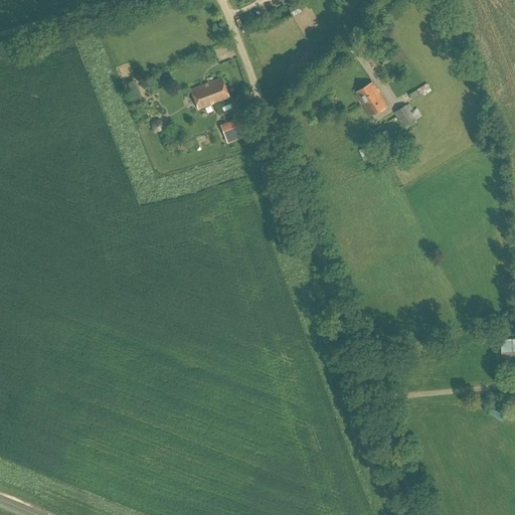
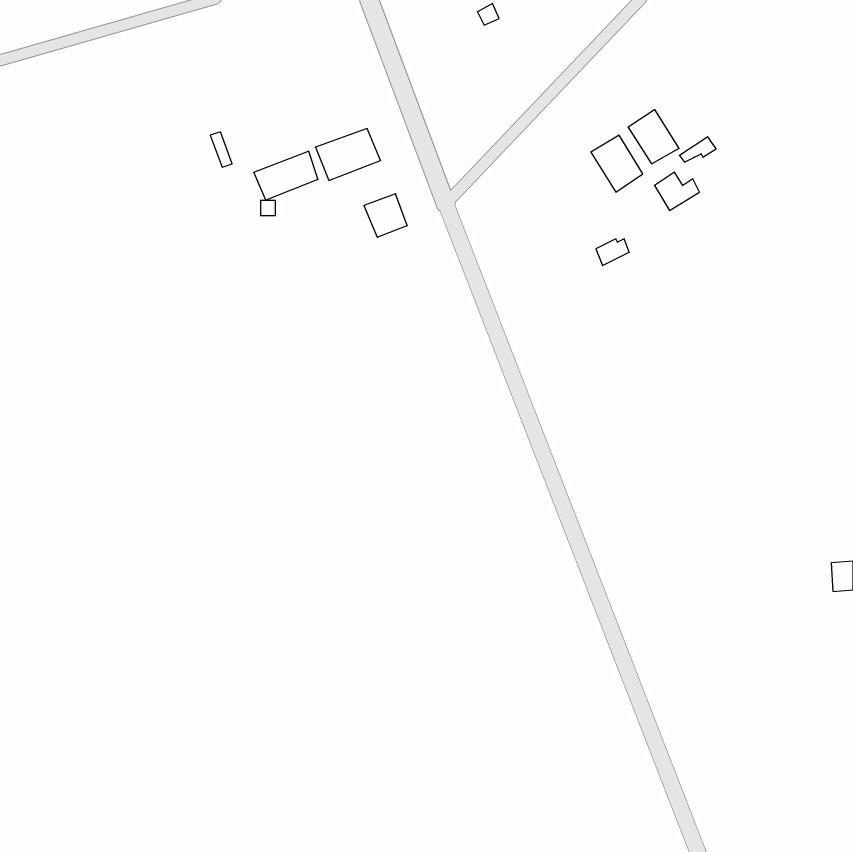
building: none -> [628,110,679,164]
building: none -> [254,151,318,200]

